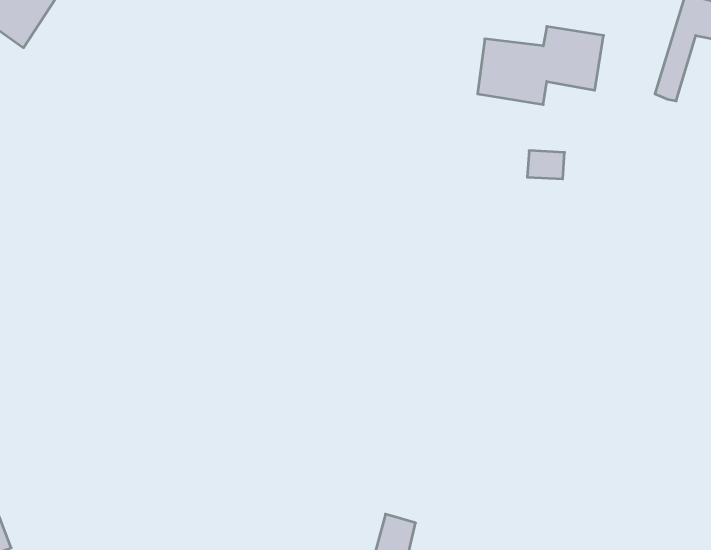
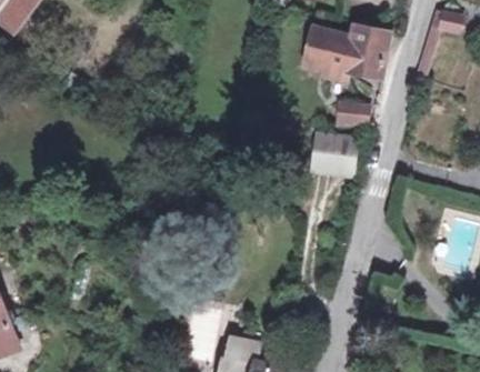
building: none -> [316,133,359,170]

